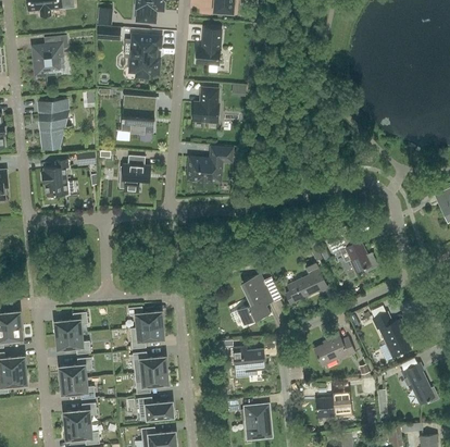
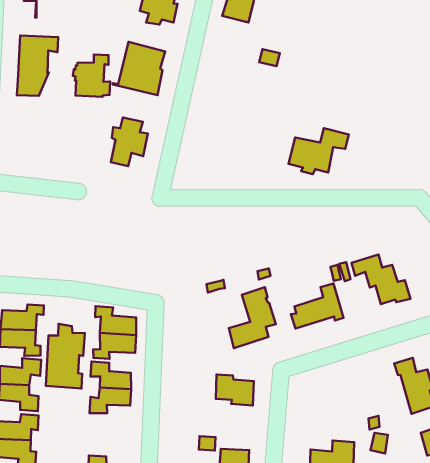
building: [192,88,218,122] -> none
building: [187,147,232,185] -> [288,128,349,174]
building: [41,160,73,196] -> [73,54,110,97]
building: none -> [46,324,85,388]
building: [314,335,354,365] -> none
building: [137,397,173,420] -> none

